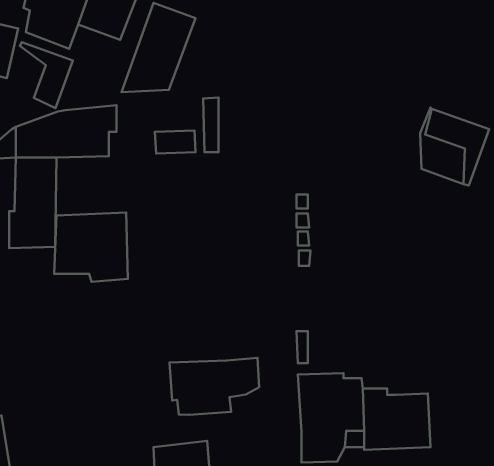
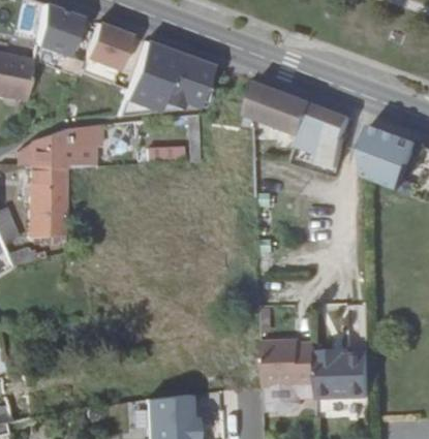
building: none -> [158,52,214,109]
building: [20,42,73,108] -> none
building: none -> [247,82,350,166]
building: [54,212,128,282] -> none
building: [169,358,259,415] -> none

